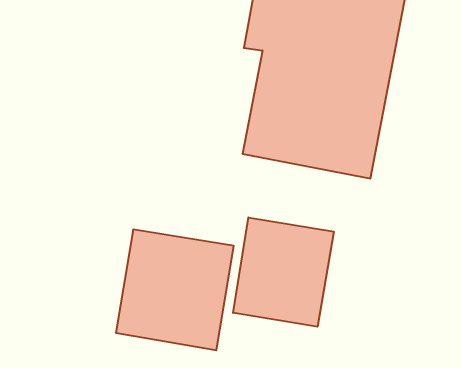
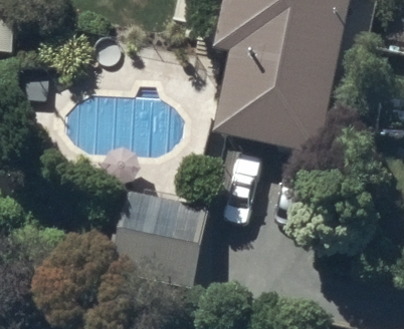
building: [233,217,334,327] -> none

